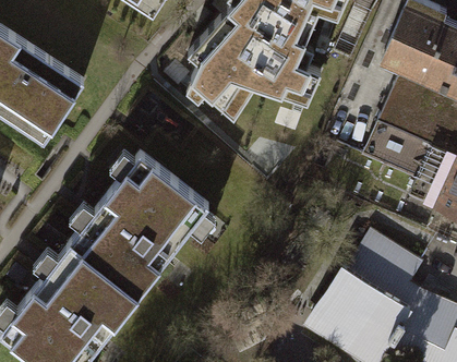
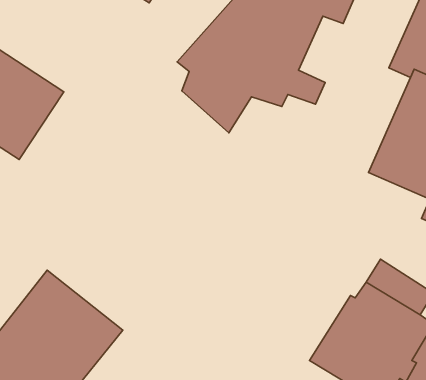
building: [70,155,209,300] -> none

